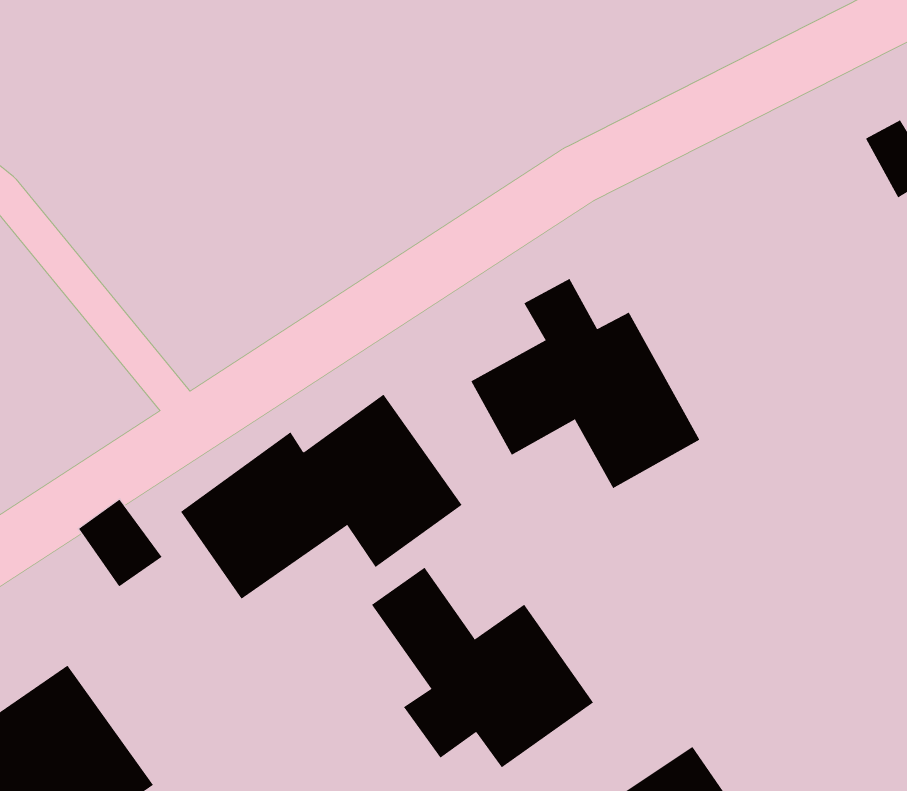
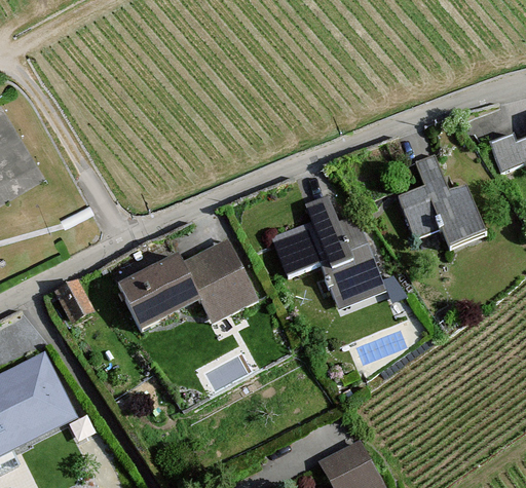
building: none -> [399,154,487,251]
building: [371,567,594,768] -> none

